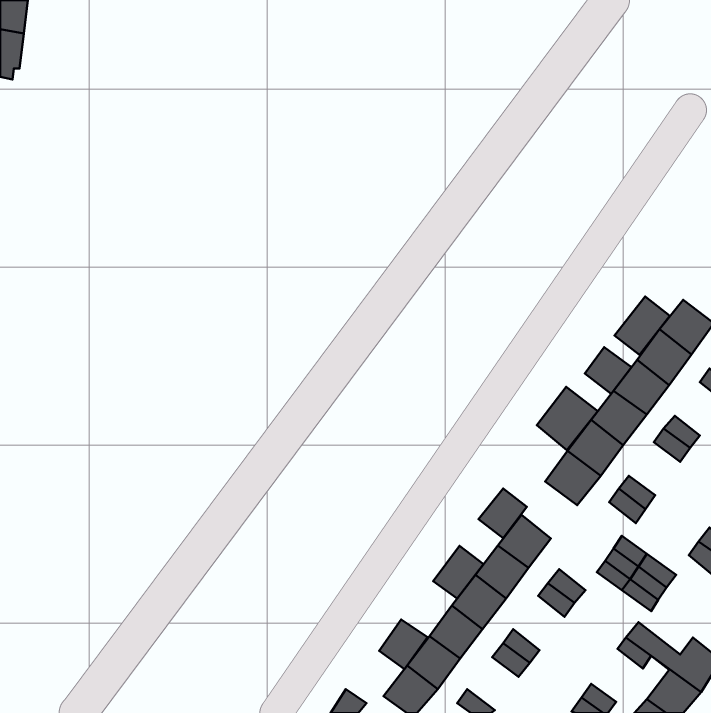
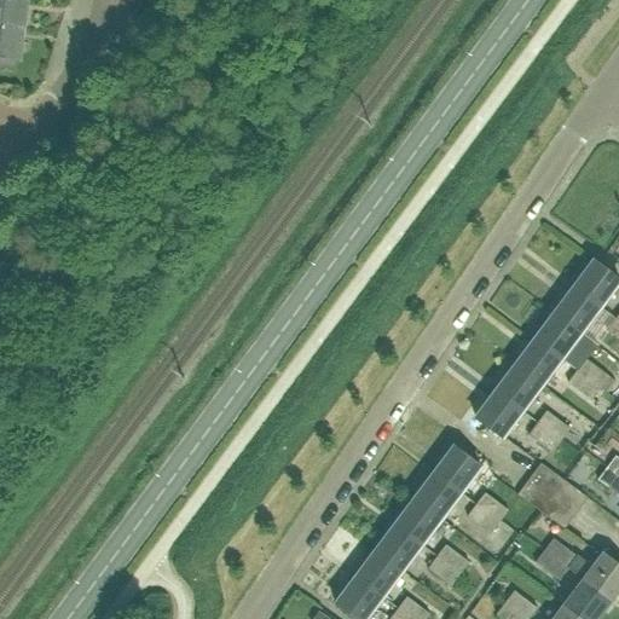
building: [615,296,670,355] -> none
building: [585,347,632,394] -> none
building: [537,387,598,450] -> none
building: [478,488,527,538] -> none
building: [433,546,484,598] -> none
building: [379,620,427,669] -> none

